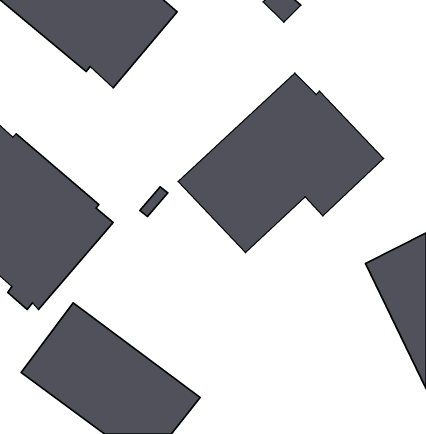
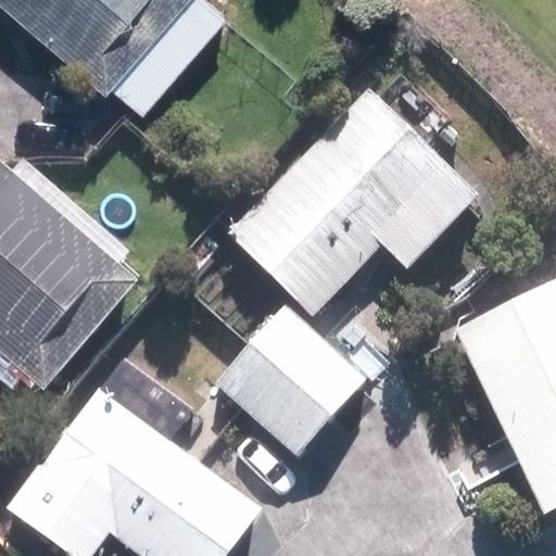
building: none -> [203,304,361,460]

